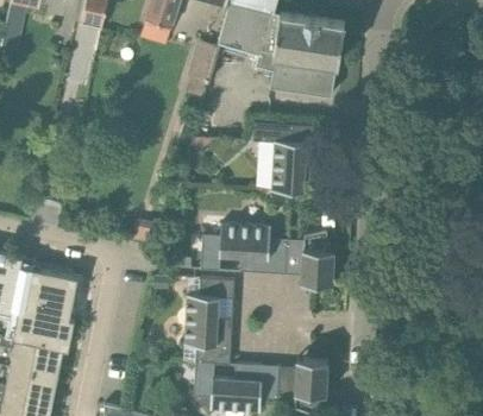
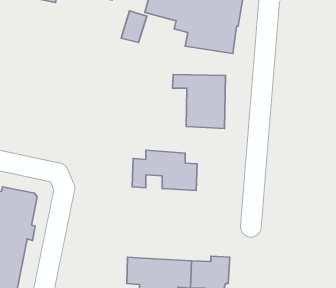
building: [283,232,333,286] -> none
building: [181,279,233,365] -> none

